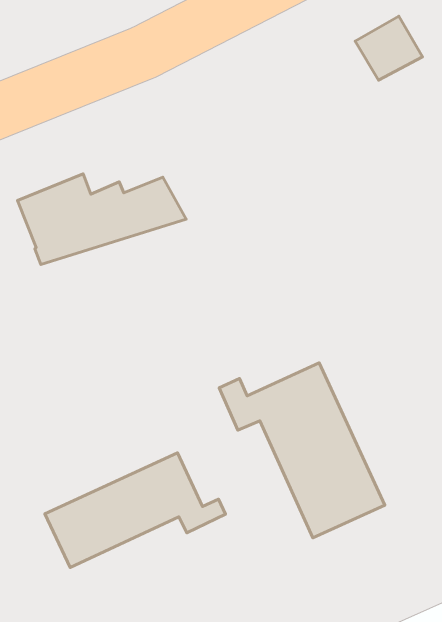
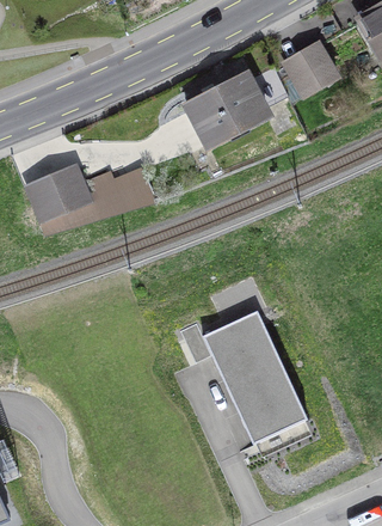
building: none -> [185,55,286,159]
building: [45,453,226,568] -> none

